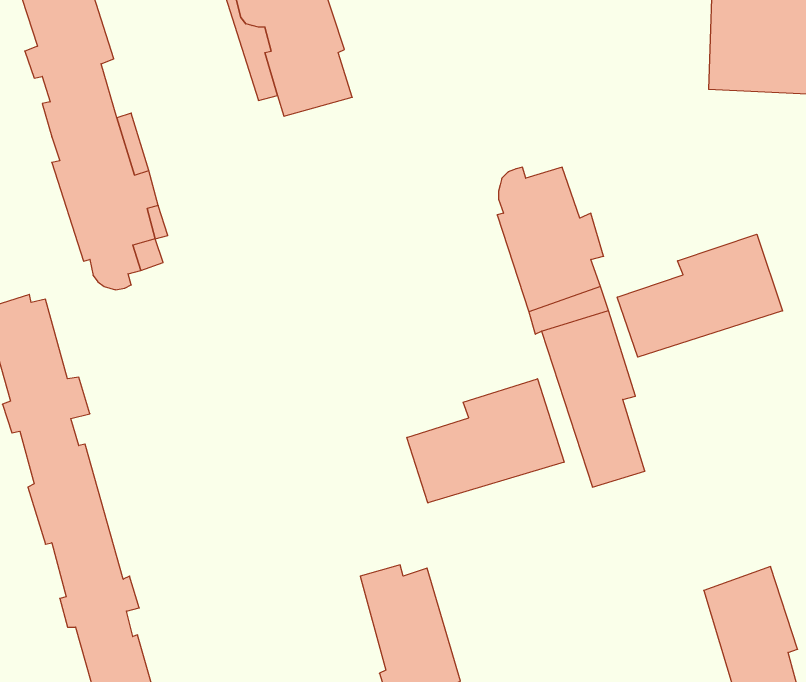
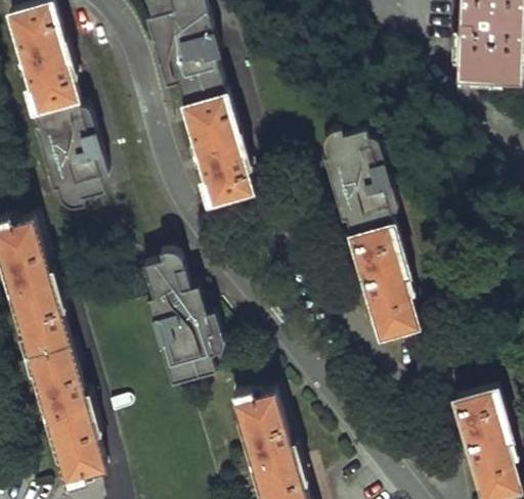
building: none -> [184,87,254,205]
building: [617,234,783,357] -> none
building: none -> [143,254,215,388]
building: [407,379,564,503] -> none

